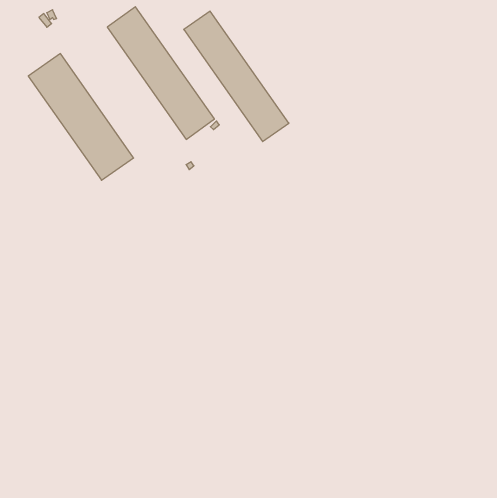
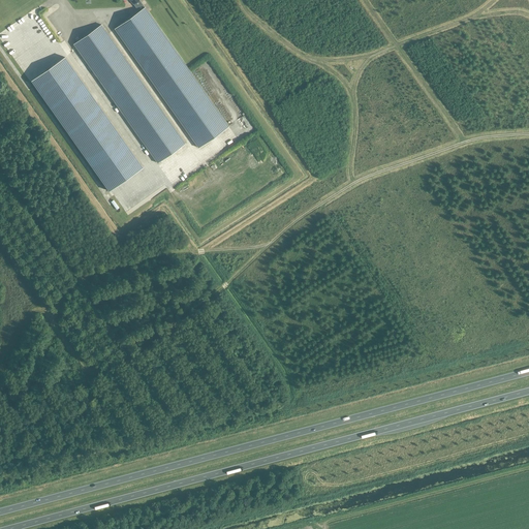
building: [184,11,289,142] -> [72,25,184,163]

